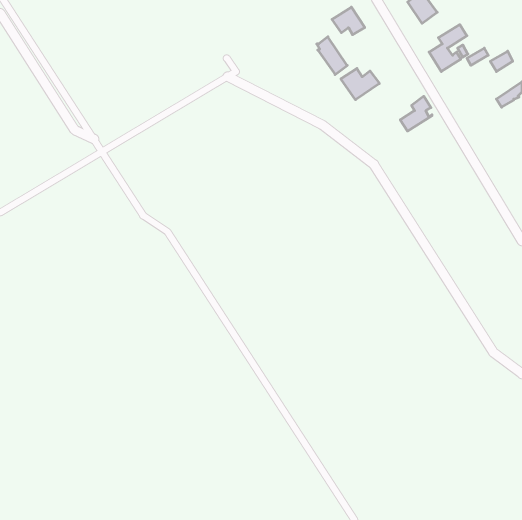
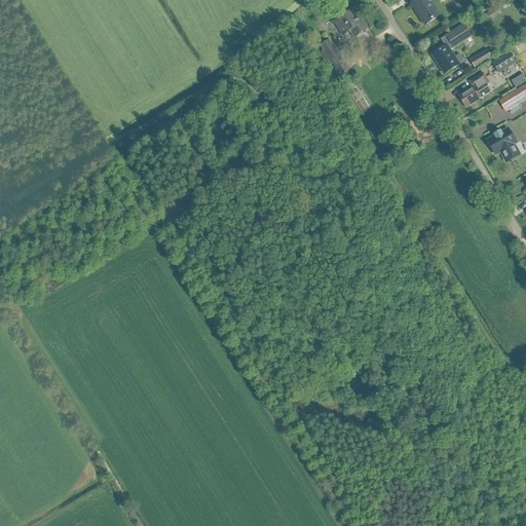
building: [341,68,379,100] -> none
building: [400,96,432,131] -> [458,71,490,106]
building: none -> [487,127,519,160]

